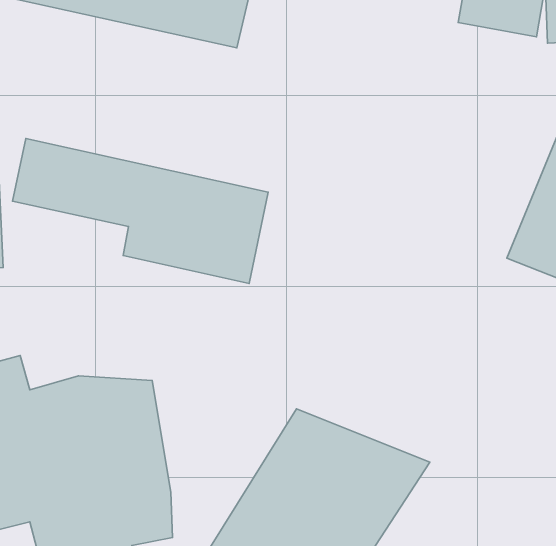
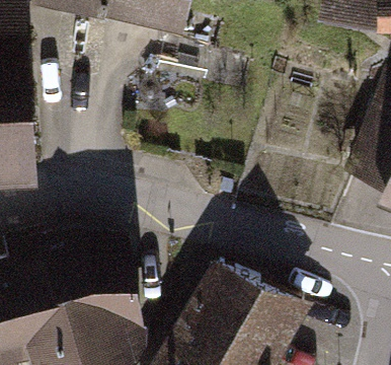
building: [13,138,268,284] -> none

